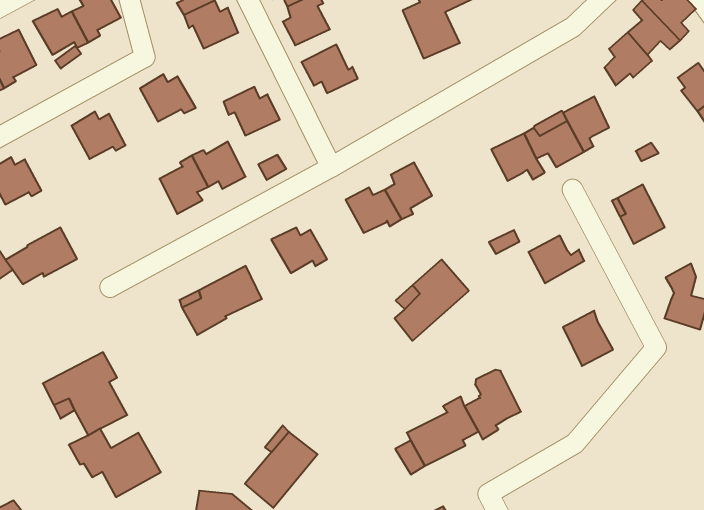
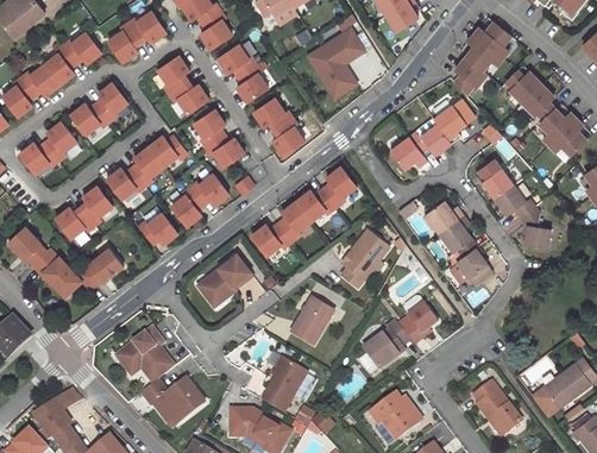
building: none -> [194,109,226,147]
building: none -> [272,118,304,156]
building: none -> [131,147,164,187]
building: none -> [80,187,113,226]
building: none -> [138,214,177,245]
building: none -> [277,202,310,241]
building: none -> [494,184,534,218]
building: none -> [439,215,477,258]
building: none -> [290,294,334,344]

